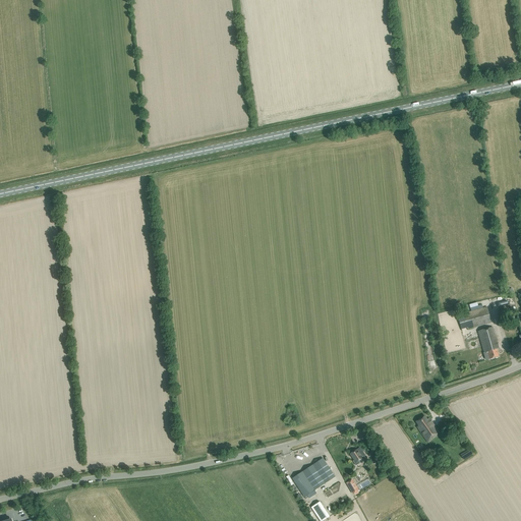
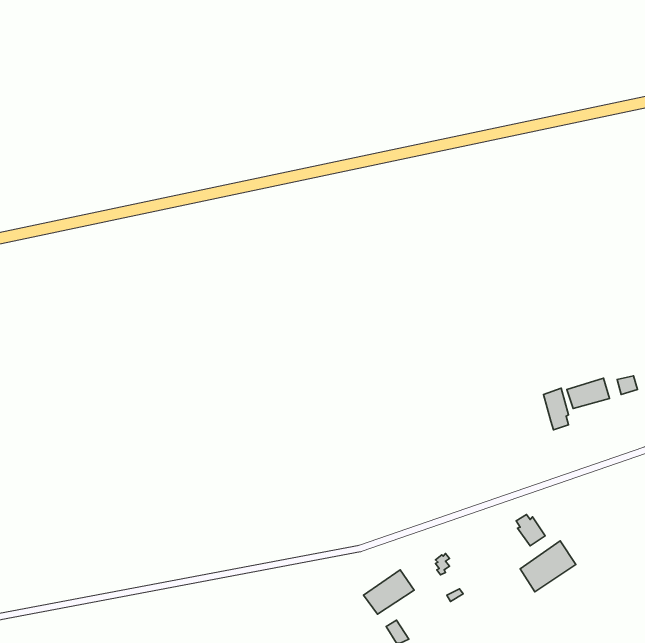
building: [478,326,499,359] -> [543,388,569,430]
building: none -> [520,541,576,592]

